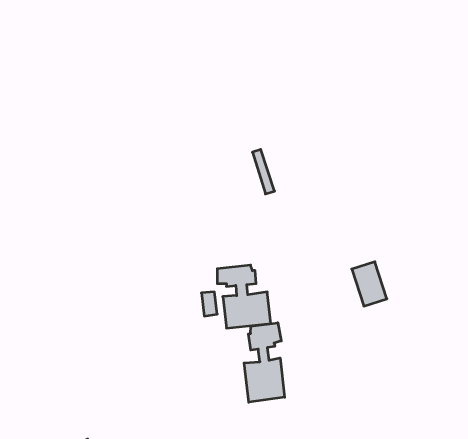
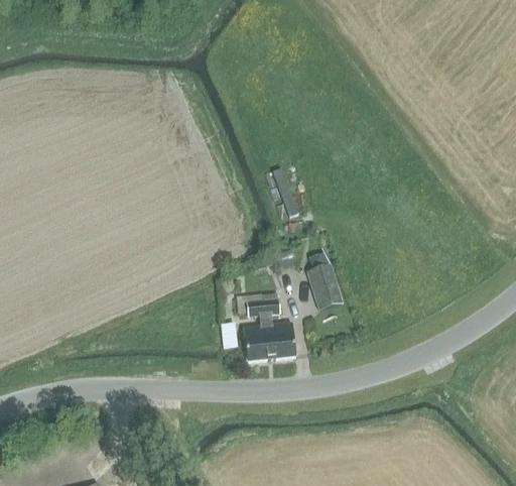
building: [352,262,387,306] -> [304,263,343,312]
building: [244,323,285,402] -> none

